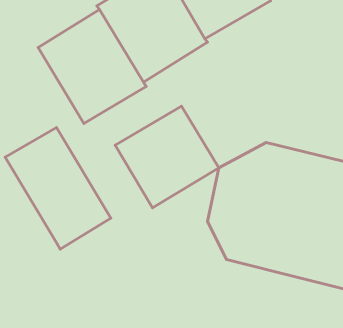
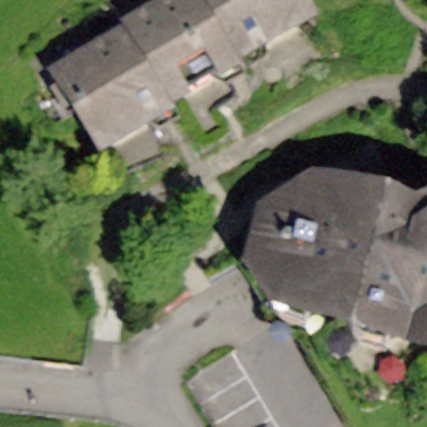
building: [115,106,219,208] -> none
building: [5,128,111,249] -> none

